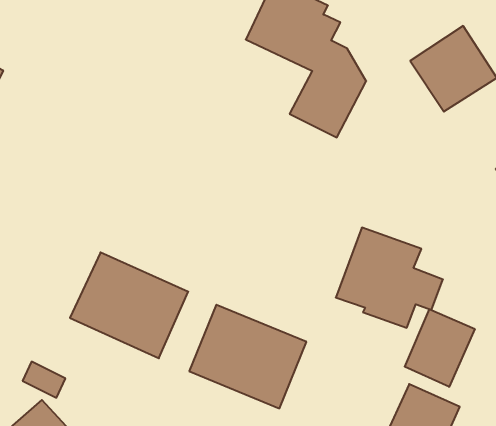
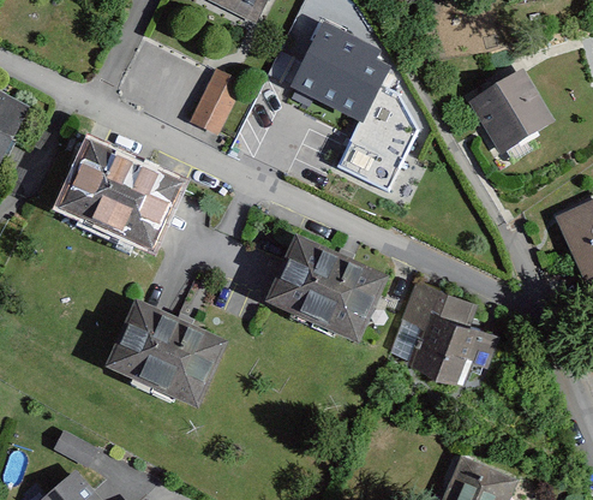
building: none -> [188,67,244,132]
building: none -> [58,147,182,257]
building: [189,305,306,408] -> [265,239,390,350]
building: [405,309,475,387] -> none

